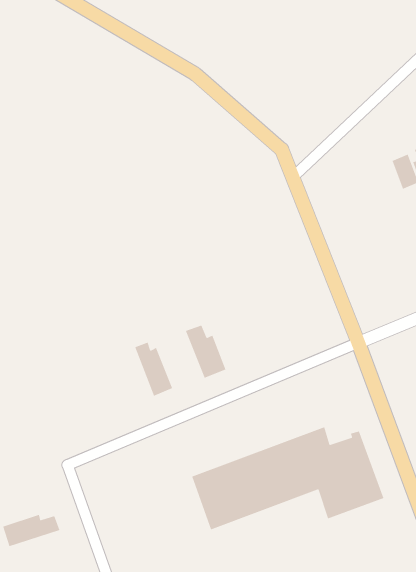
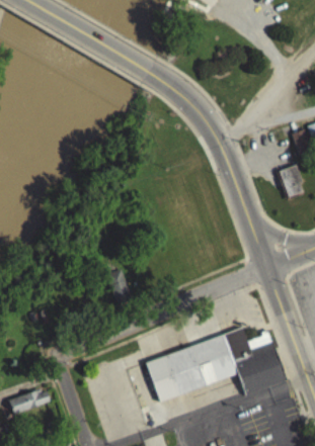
building: none -> [279,164,303,195]
building: [185,324,227,379] -> none

